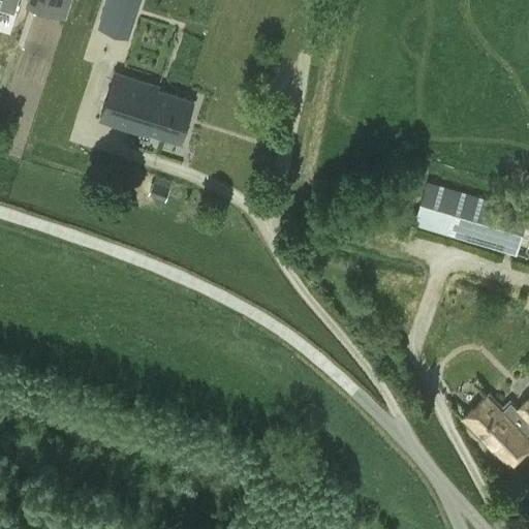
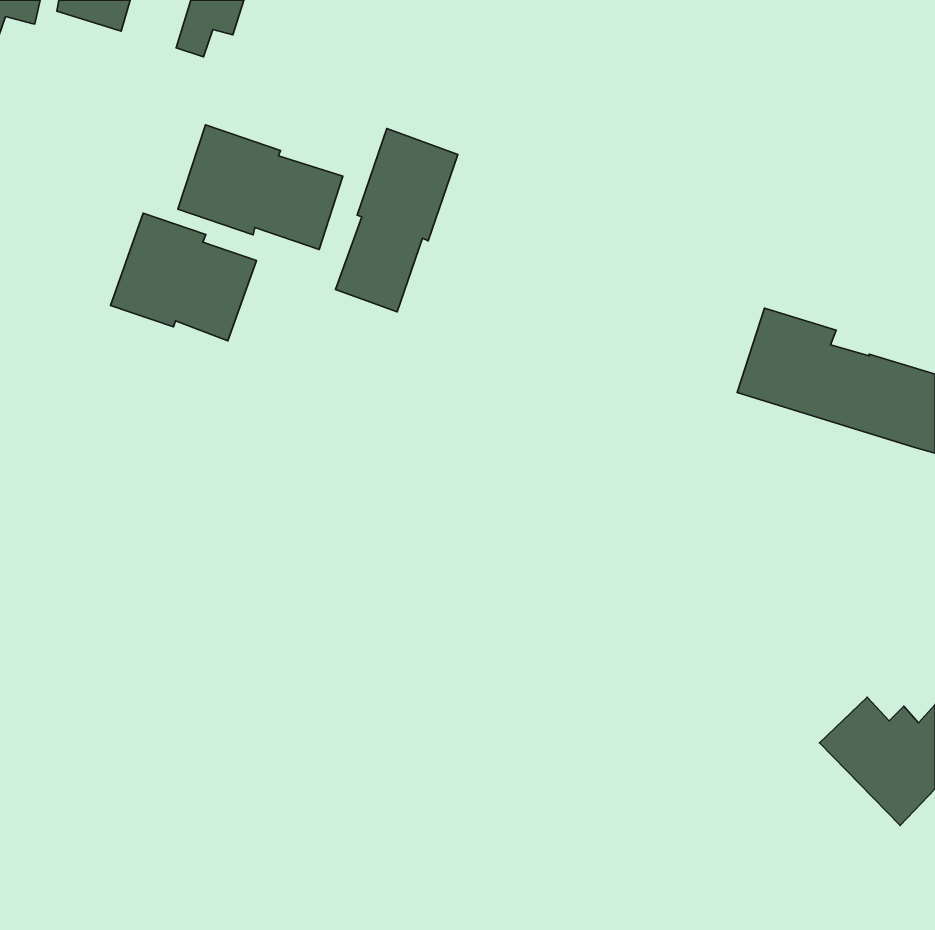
building: none -> [336,129,458,312]
building: none -> [111,213,256,341]

